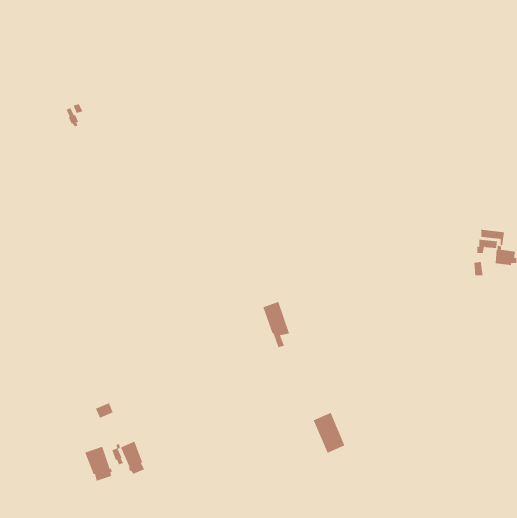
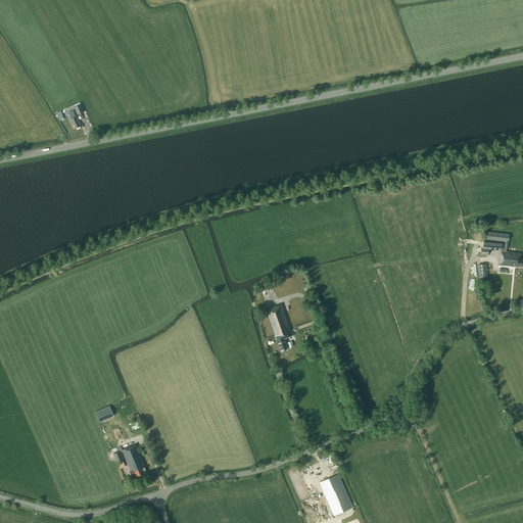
building: [313,412,345,454] -> [319,474,351,516]
building: [84,446,113,482] -> none

